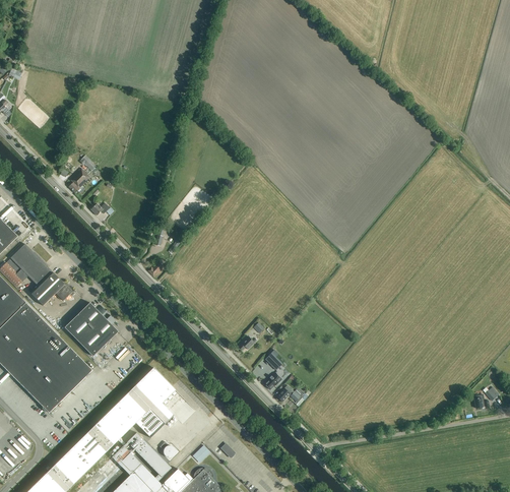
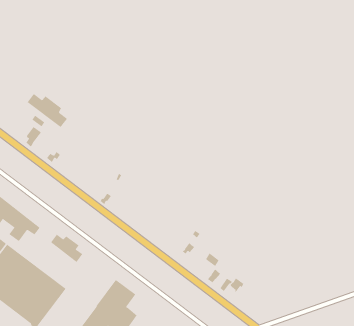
building: none -> [27,93,68,128]
building: [64,312,109,357] -> none

